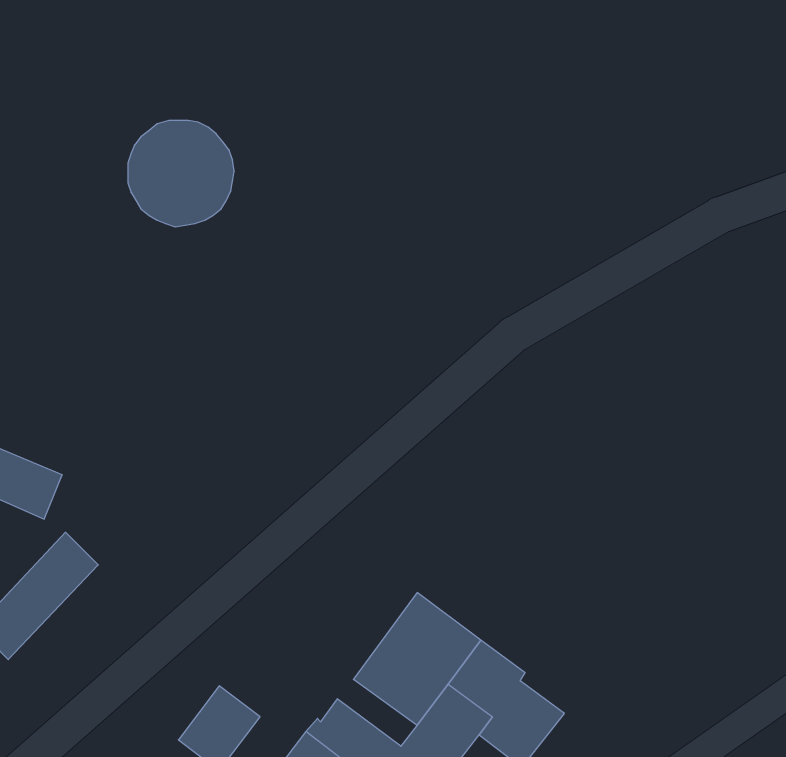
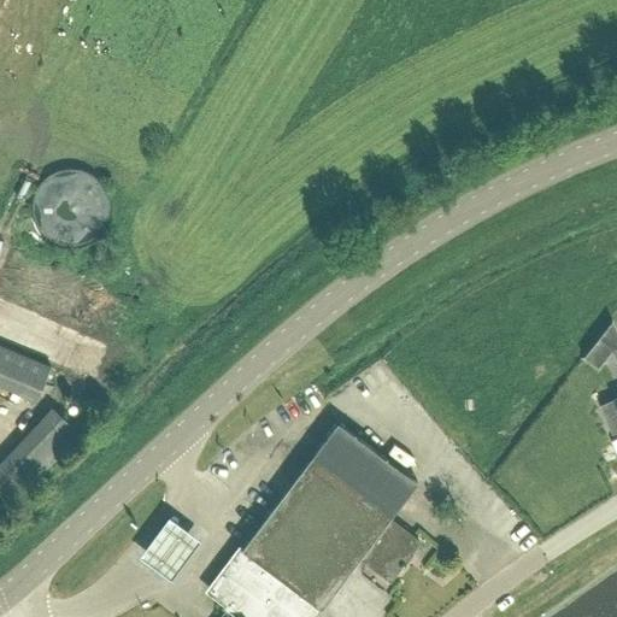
building: [128,121,234,227] -> [33,170,111,248]
building: none -> [313,422,418,515]
building: none -> [254,518,313,568]

